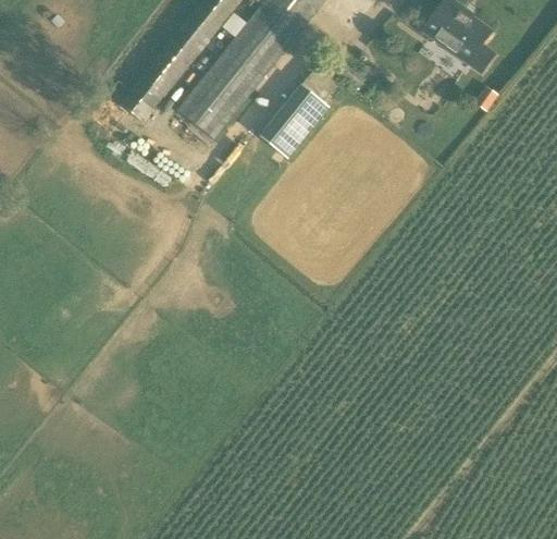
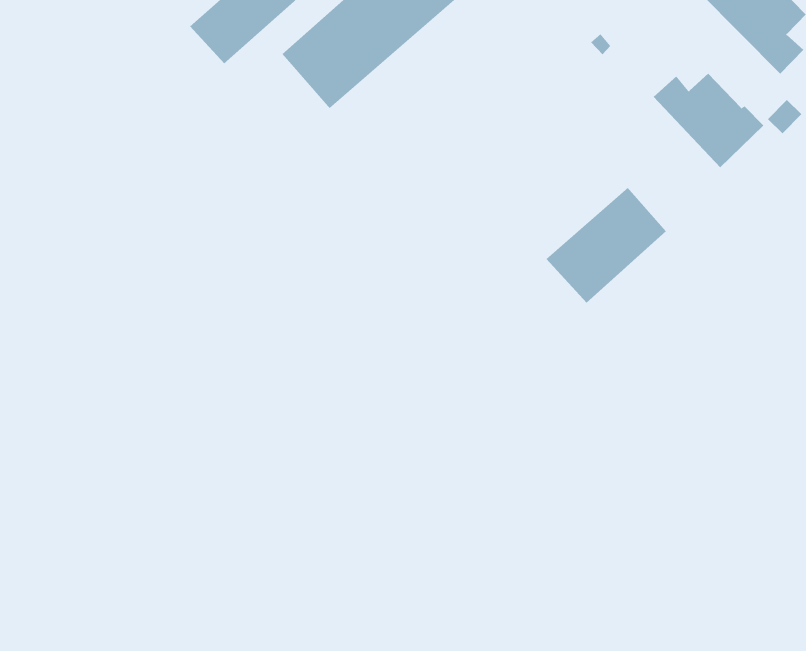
building: none -> [653,73,764,168]
building: [259,83,330,158] -> [546,187,667,304]

